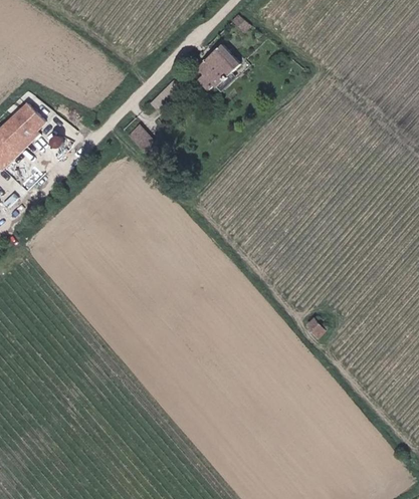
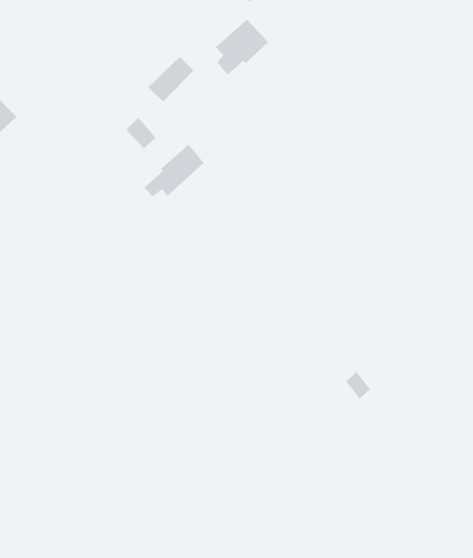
building: none -> [144,144,205,197]

